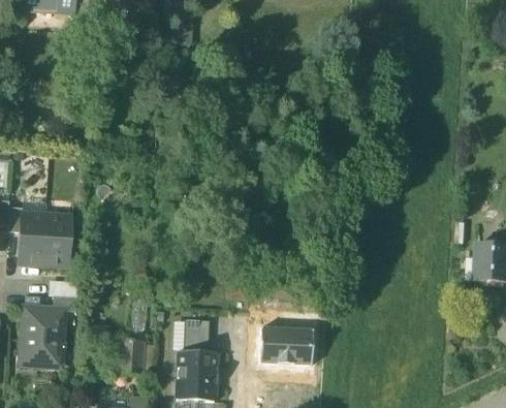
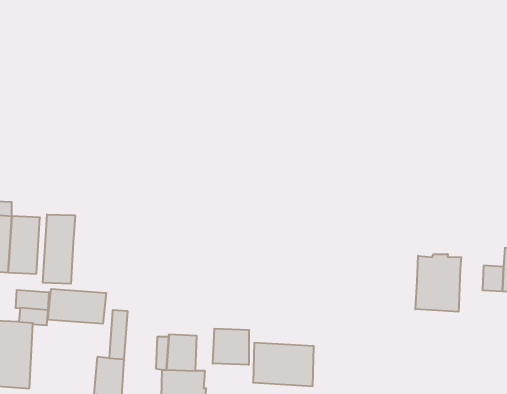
building: none -> [43,214,75,284]
building: none -> [415,254,461,312]
building: none -> [48,289,106,324]
building: none -> [213,329,249,365]

